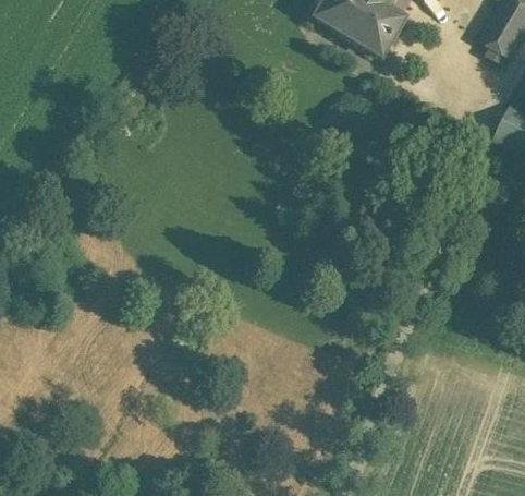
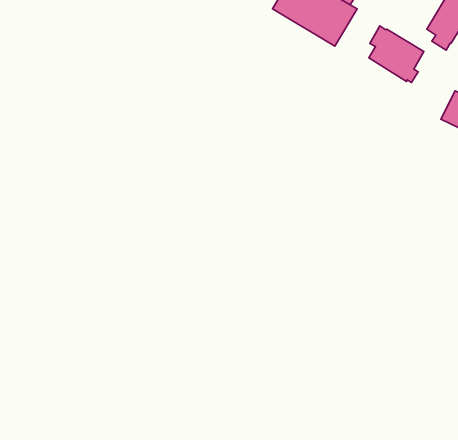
building: none -> [369,26,424,82]

